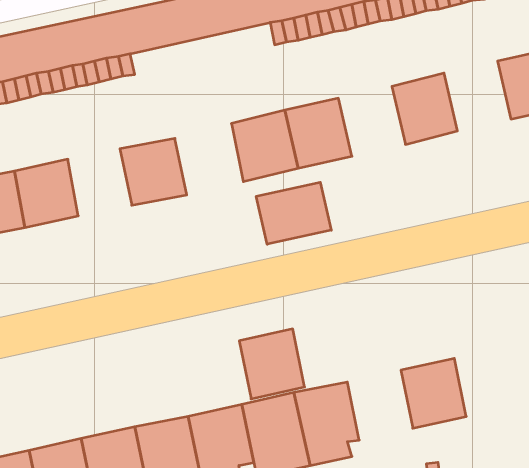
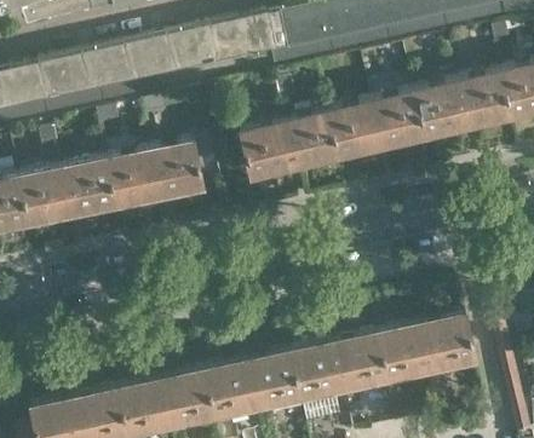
building: none -> [413,79,467,136]
building: none -> [327,99,381,156]
building: none -> [107,150,159,204]
building: [256,182,331,244] -> none
building: [239,329,305,399] -> [334,330,387,387]
building: none -> [421,311,476,368]

